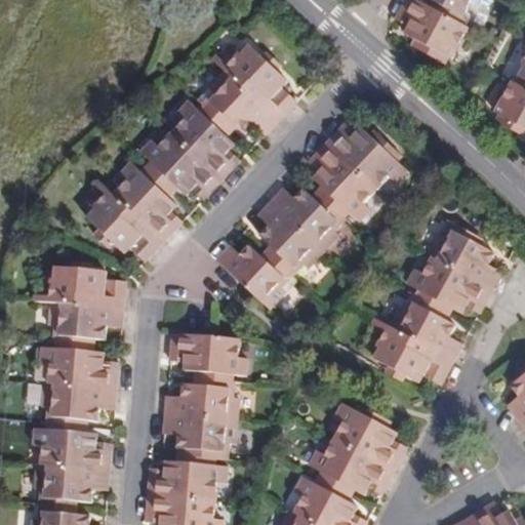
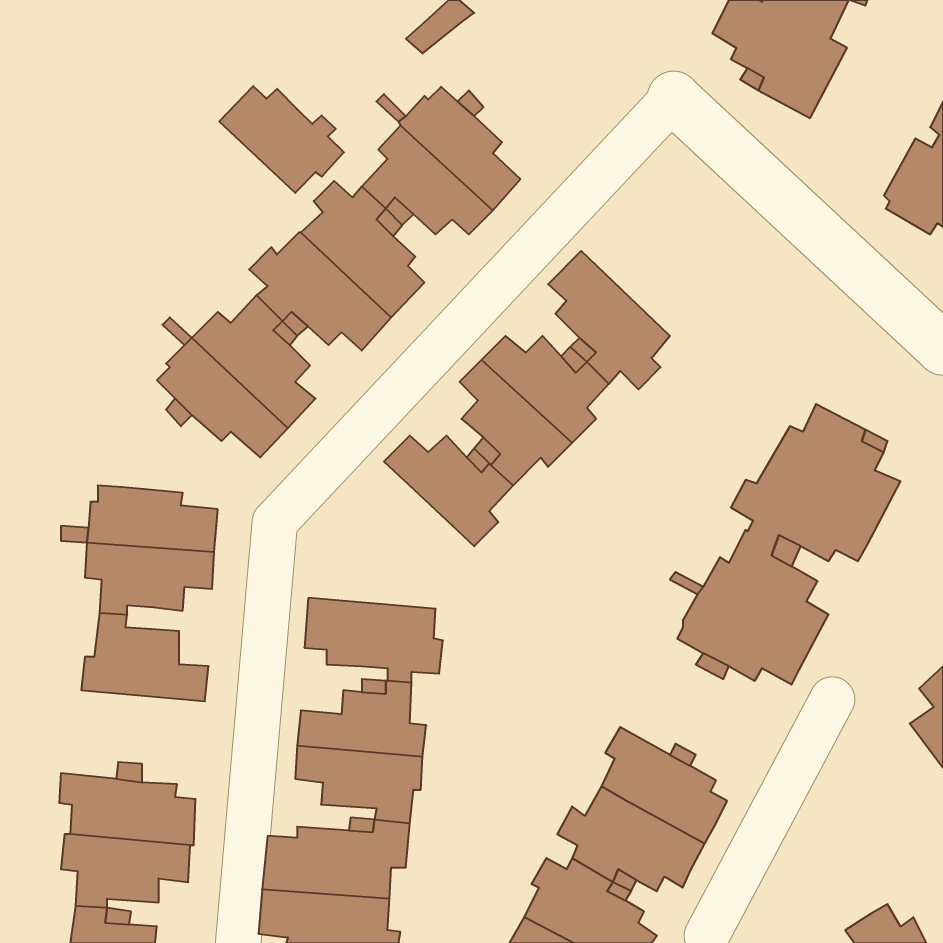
building: none -> [219,86,344,193]
building: [323,120,402,187] -> none
building: [44,383,114,419] -> none

